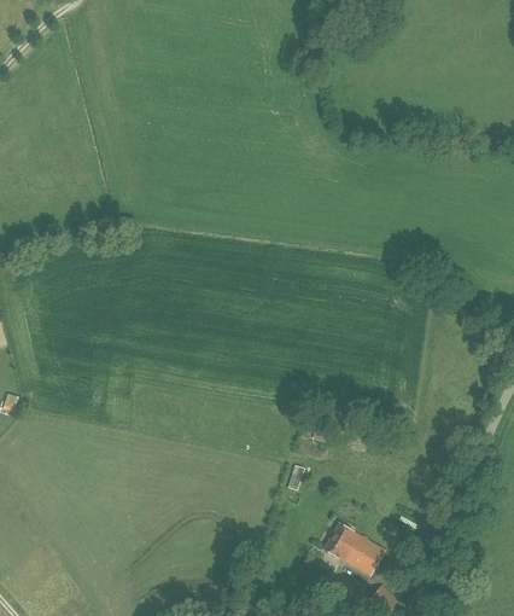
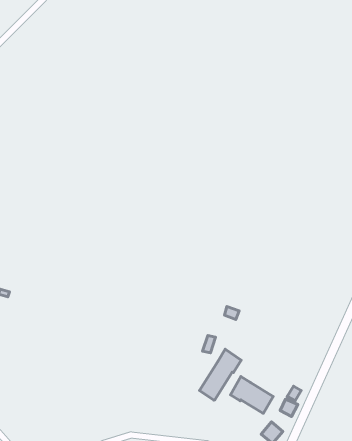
building: none -> [200,349,241,400]

